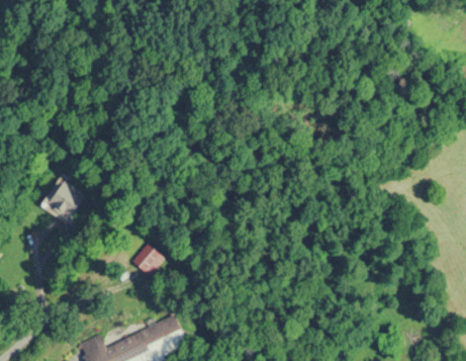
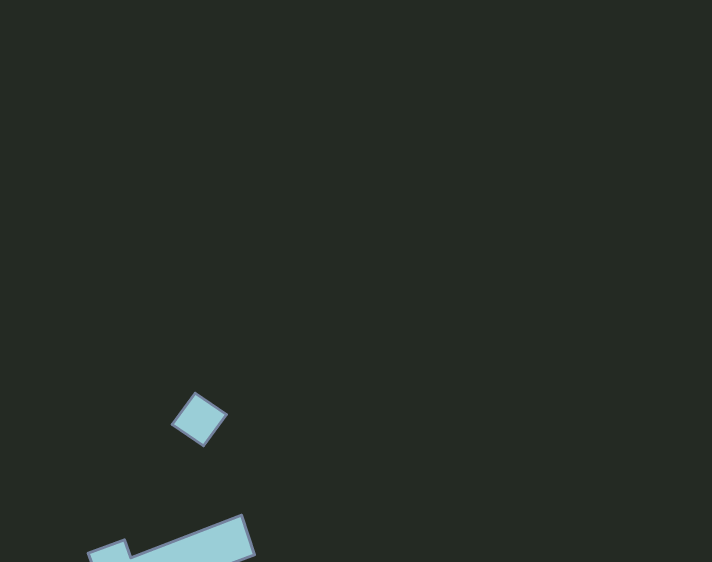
building: [41,173,88,221] -> none

